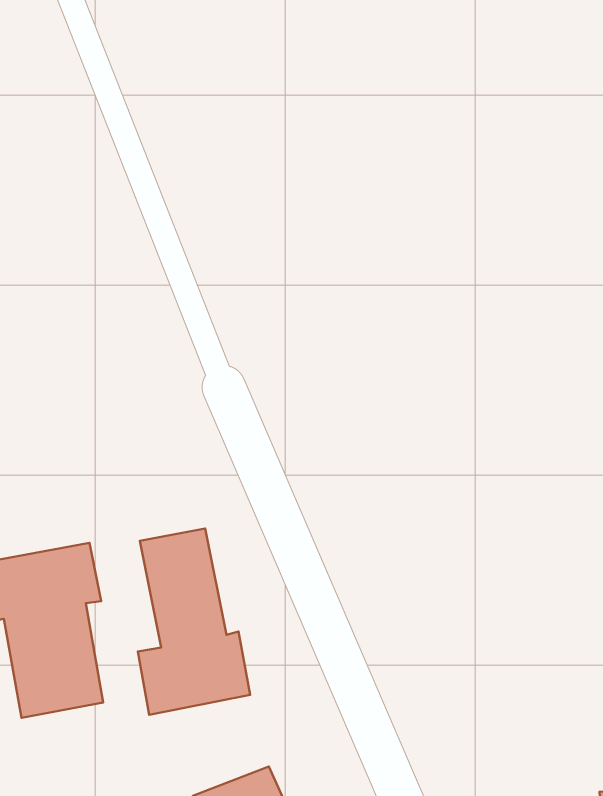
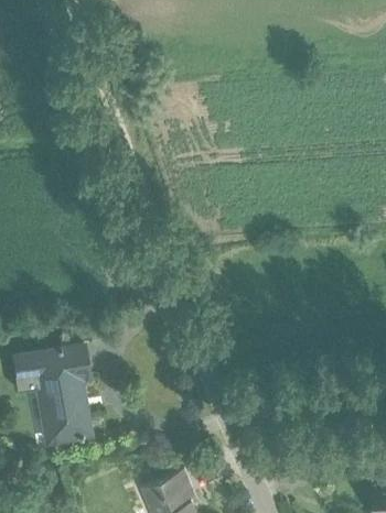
building: [138,528,250,715] -> none

